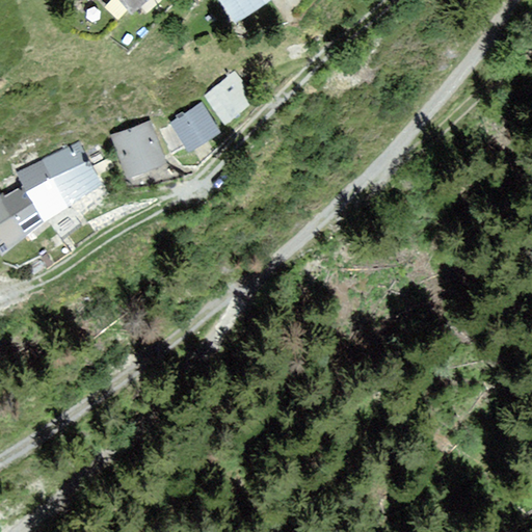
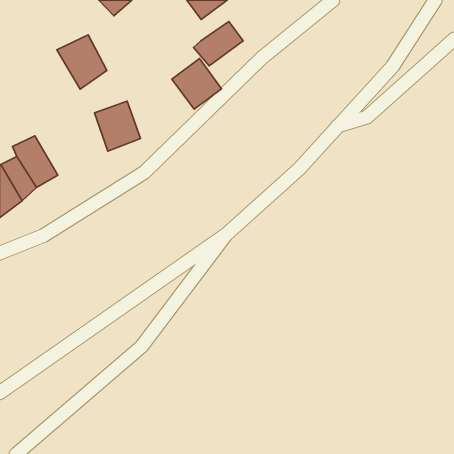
building: none -> [193,22,243,66]
building: [170,103,217,150] -> none
building: [41,141,99,205] -> [57,35,107,89]

